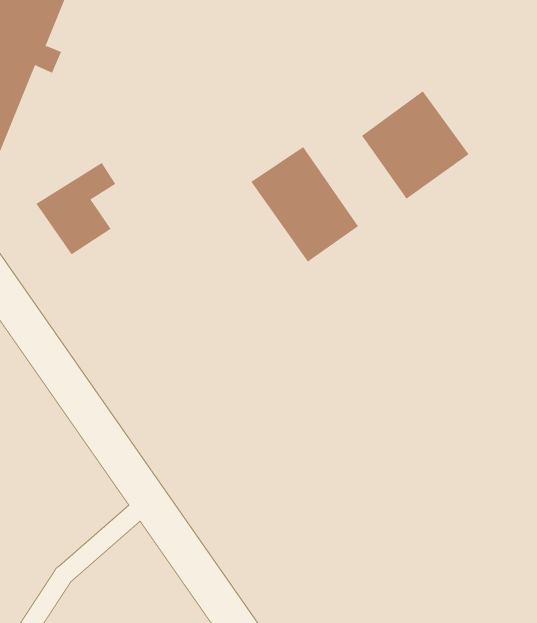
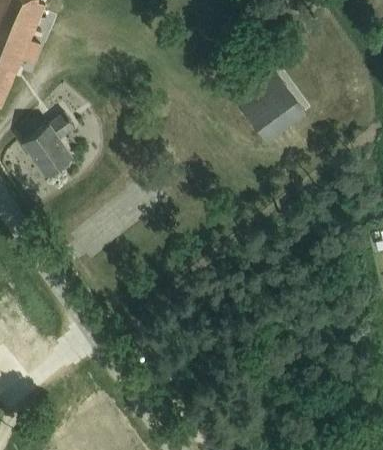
building: [251,146,359,263] -> none

